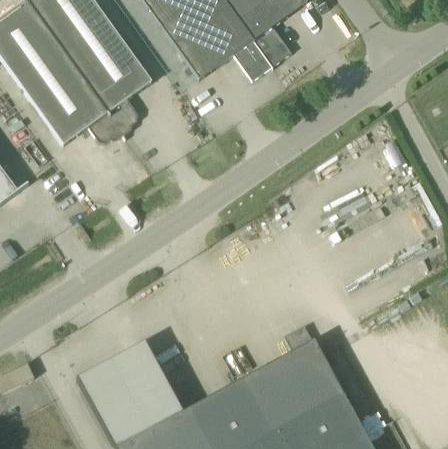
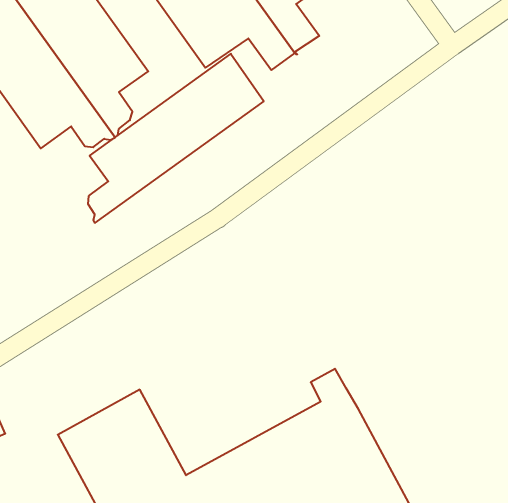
building: none -> [88,54,264,223]

